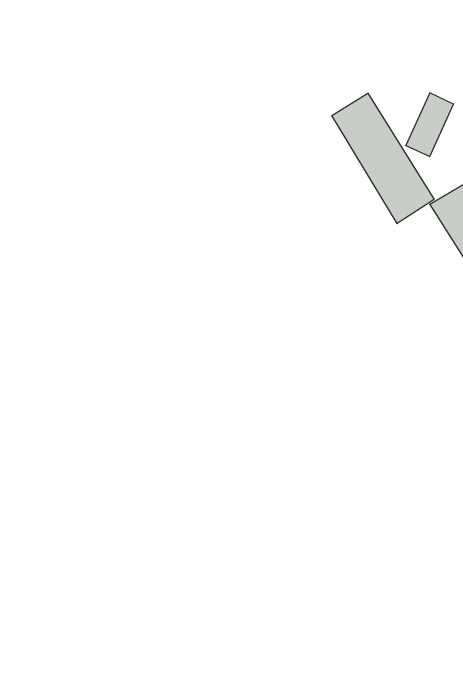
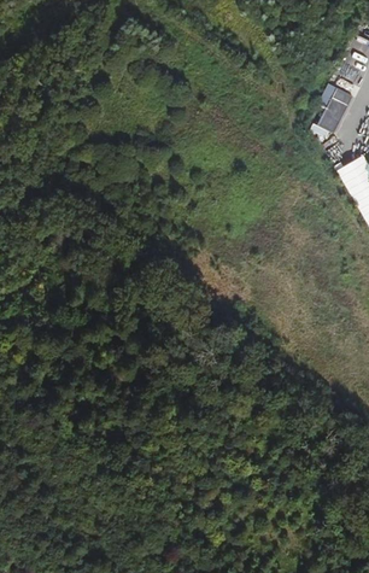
building: [332,93,434,224] -> none

